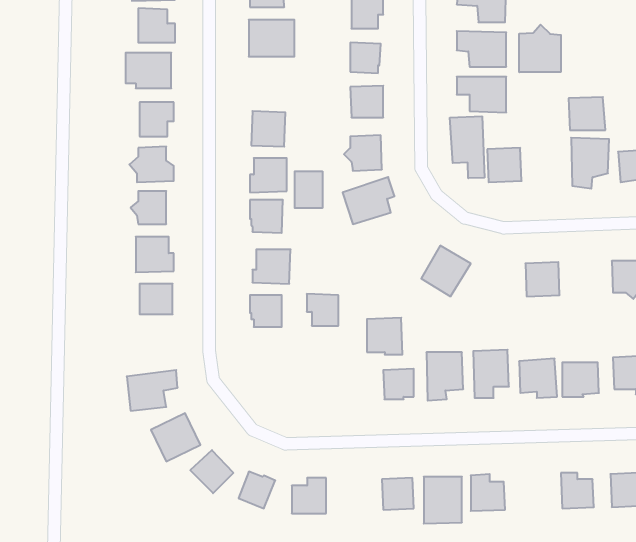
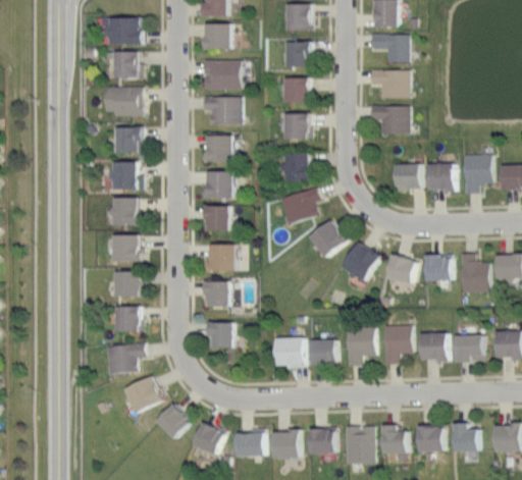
building: [519,25,561,72] -> none
building: none -> [201,97,240,124]
building: [569,97,605,130] -> [426,163,456,190]
building: [450,116,484,178] -> none
building: [295,171,322,208] -> none
building: none -> [308,221,347,259]
building: none -> [384,255,416,284]
building: none -> [459,255,488,294]
building: [307,294,338,326] -> [207,322,232,348]
building: [367,318,402,355] -> [275,337,304,367]
building: none -> [115,306,141,331]
building: none -> [416,425,443,452]
building: none -> [271,430,299,458]

